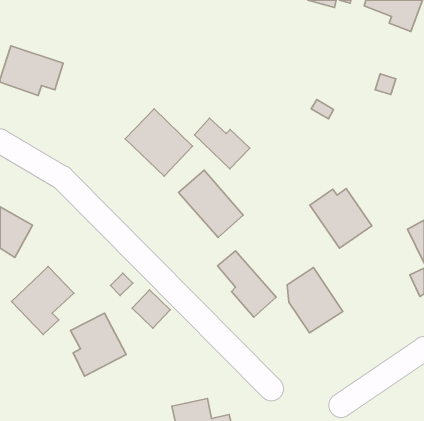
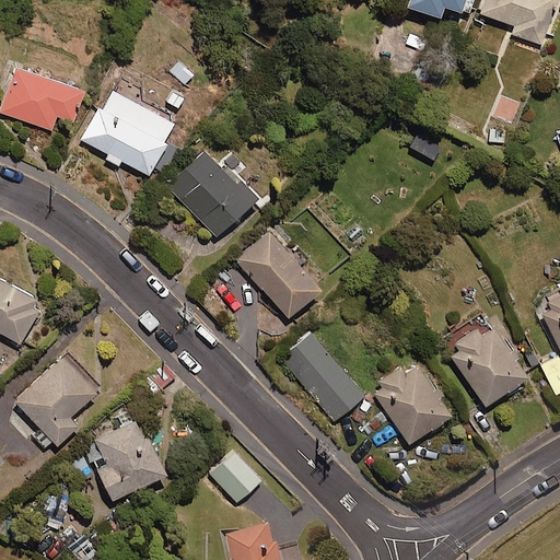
building: none -> [80,89,174,175]
building: [195,118,250,169] -> none
building: [310,188,372,248] -> [446,326,528,405]
building: [132,290,170,328] -> [210,453,260,503]

